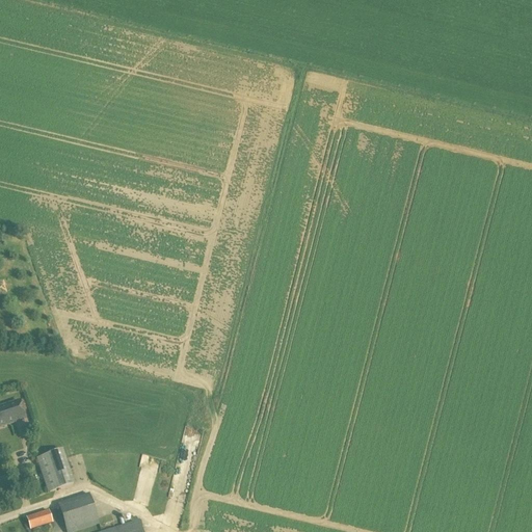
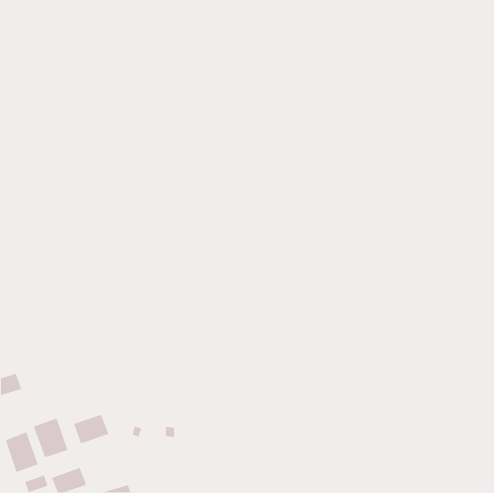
building: none -> [73,414,109,444]
building: none -> [5,431,39,473]

